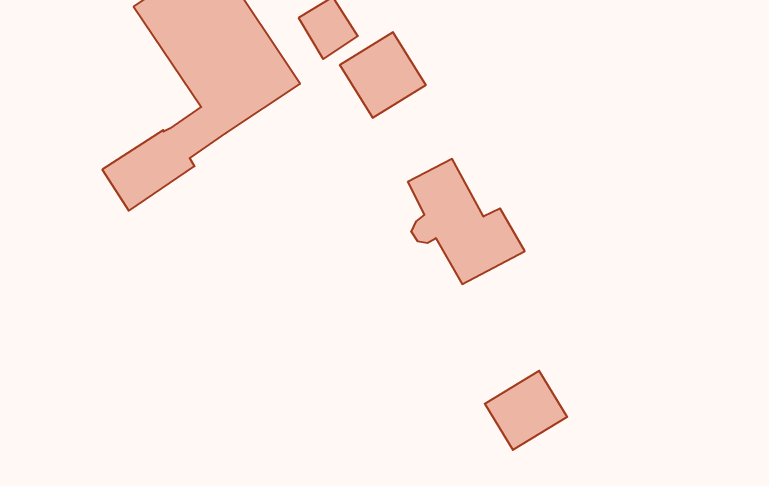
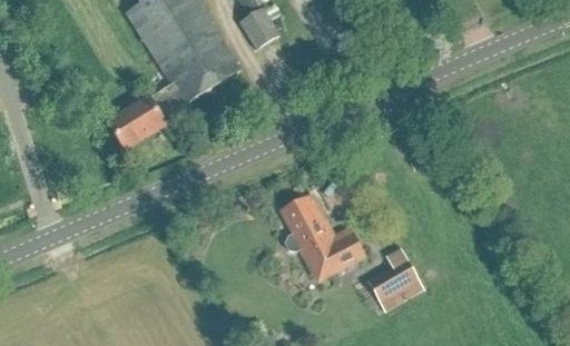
building: [340,32,426,118] -> none
building: [408,159,525,284] -> [282,194,361,278]

